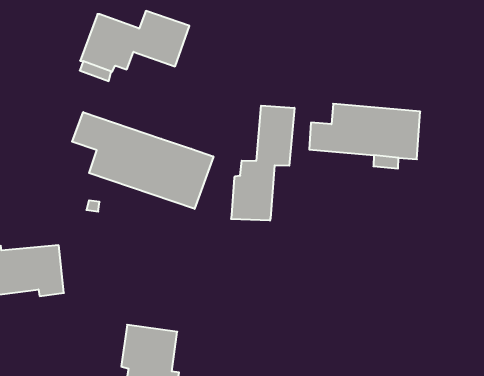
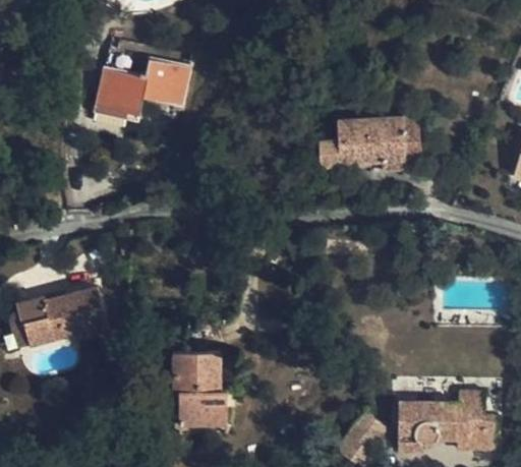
building: [231,106,294,221] -> none
building: [72,112,213,209] -> none

